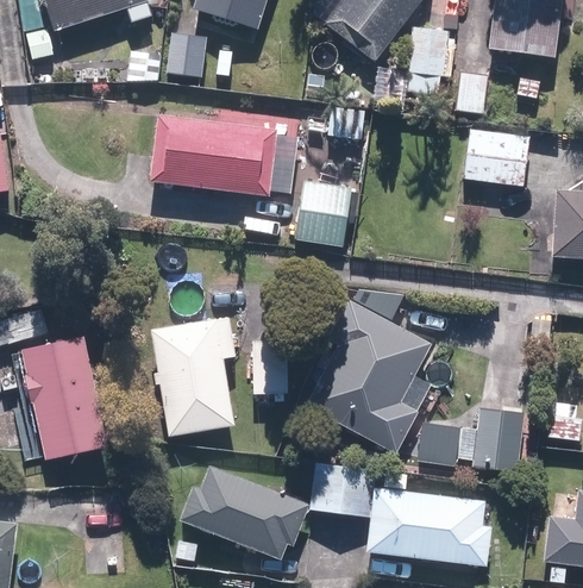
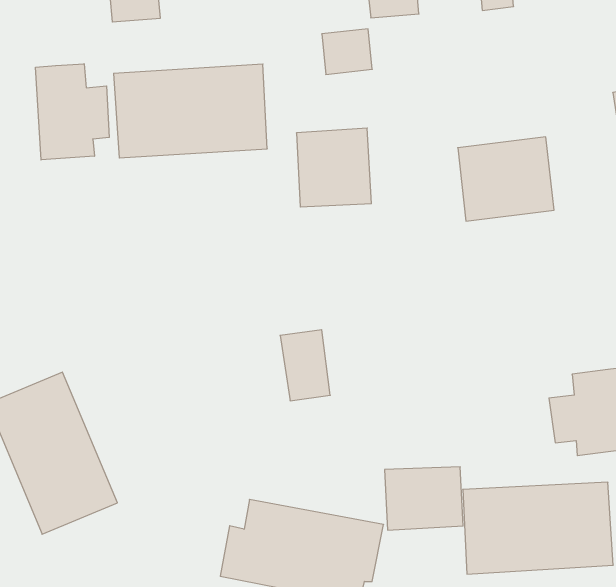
building: none -> [36,64,109,160]
building: [458,127,532,189] -> [458,137,554,221]
building: [299,301,457,456] -> none
building: [149,311,251,437] -> none

